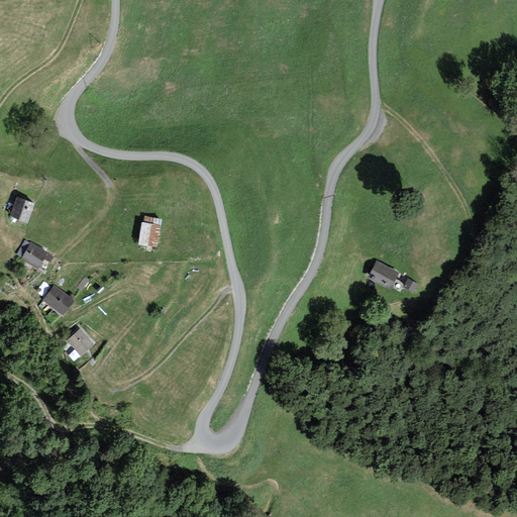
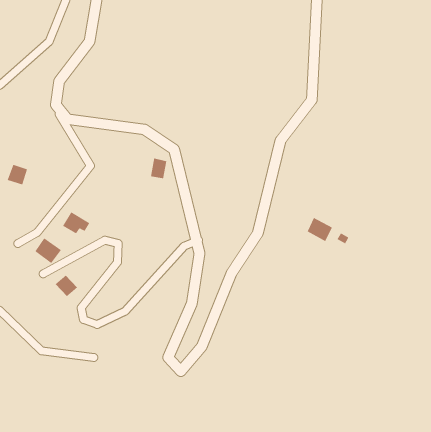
building: [142,222,163,247] -> [150,158,167,179]
building: [19,241,53,269] -> [62,211,90,234]

